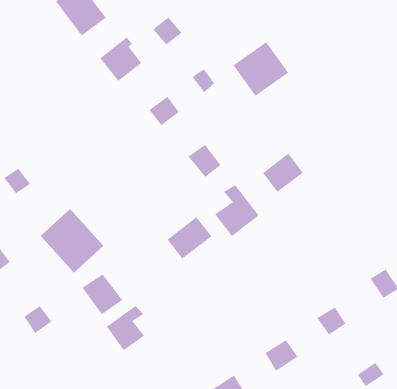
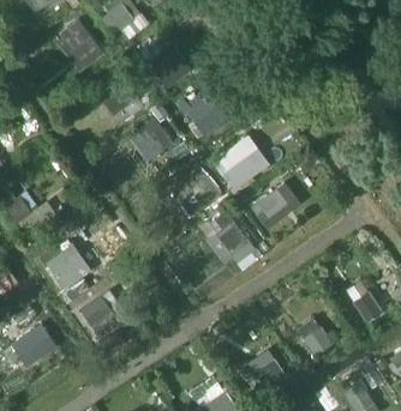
building: [232,41,289,97] -> [215,137,269,189]
building: [166,216,212,260] -> none
building: [106,305,145,351] -> none

